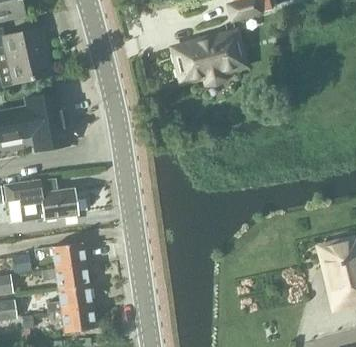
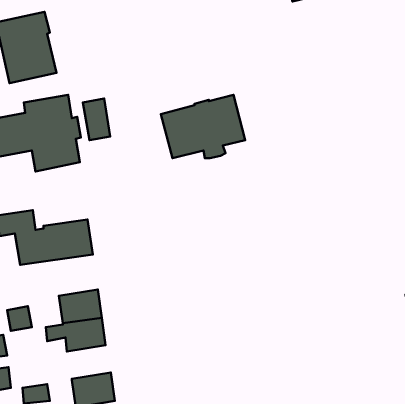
building: [172,33,237,82] -> [161,95,245,158]
building: none -> [83,99,110,140]
building: [47,285,92,314] -> none

